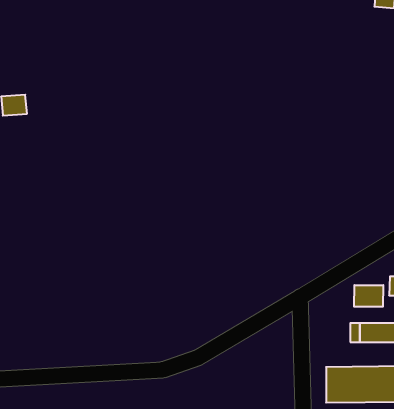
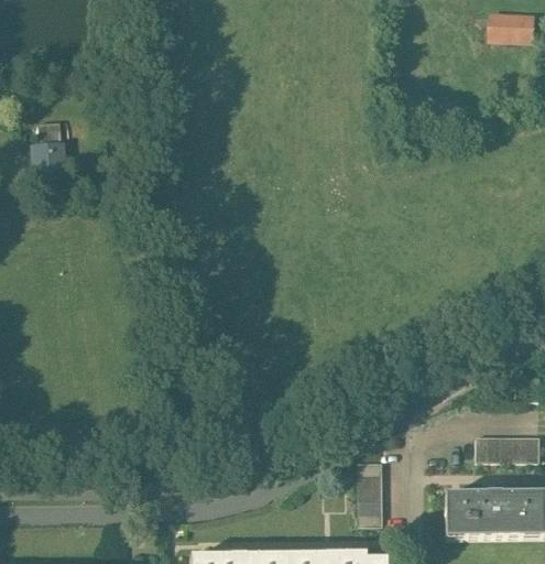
building: [354,285,383,307] -> none
building: none -> [357,460,381,523]

